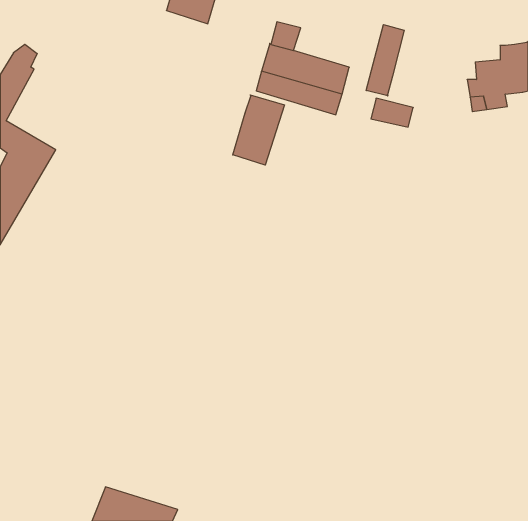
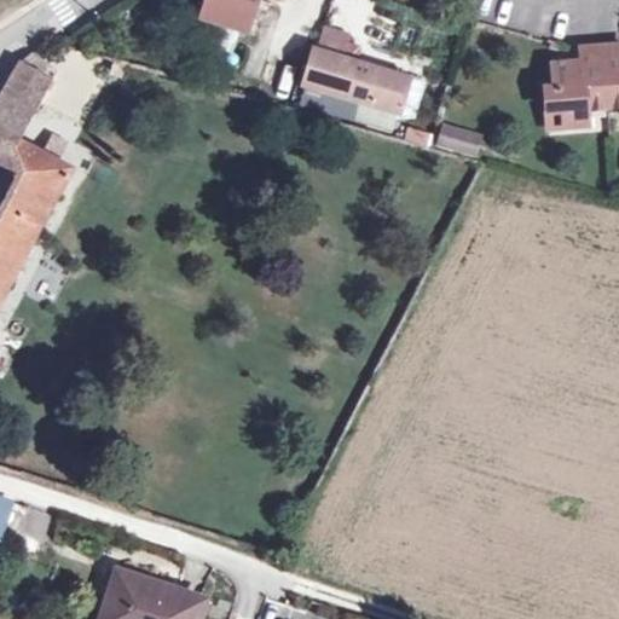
building: [366,25,404,96] -> none
building: [233,95,284,165] -> none

